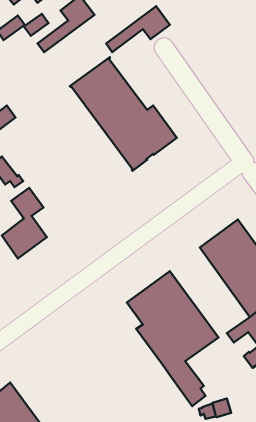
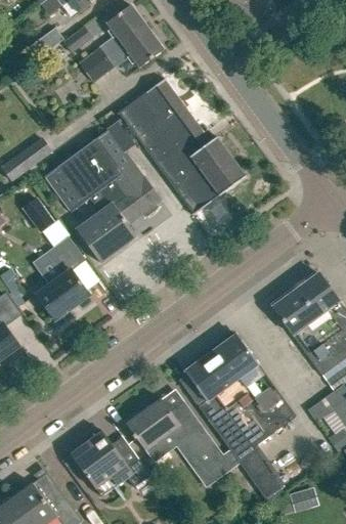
building: [106,6,170,52] -> [87,27,164,82]
building: none -> [46,118,162,262]
building: none -> [126,397,240,487]
building: none -> [72,431,150,495]

